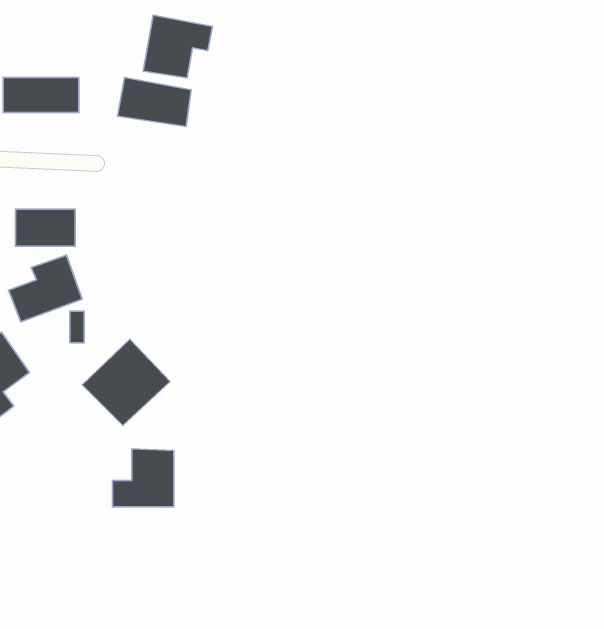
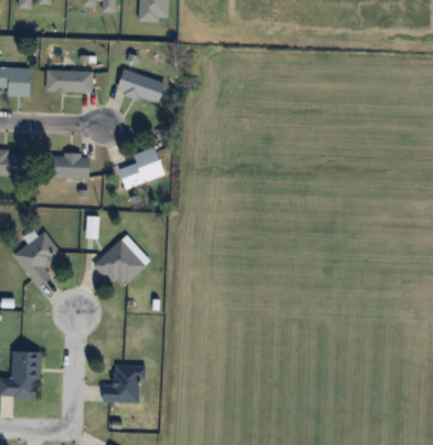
building: [143,15,212,78] -> none
building: [8,255,82,322] -> [118,147,165,189]
building: [112,449,174,507] -> [103,365,141,402]

